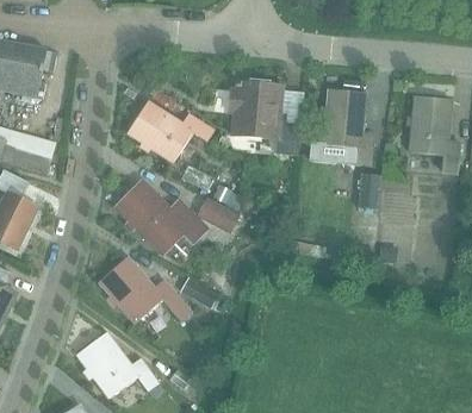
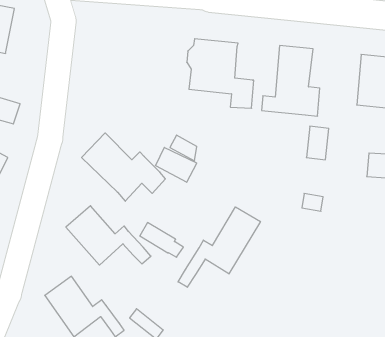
building: [128,101,213,161] -> none
building: none -> [178,207,260,287]

